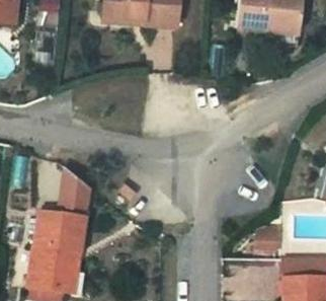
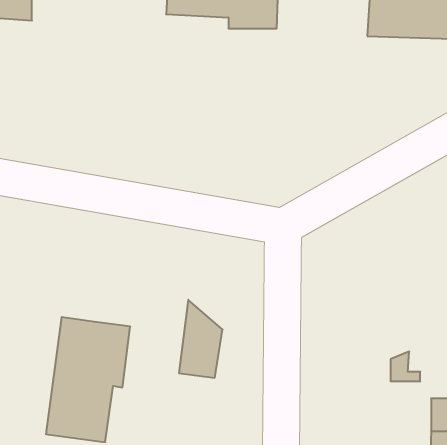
building: [63,168,91,219] -> [179,300,223,378]

